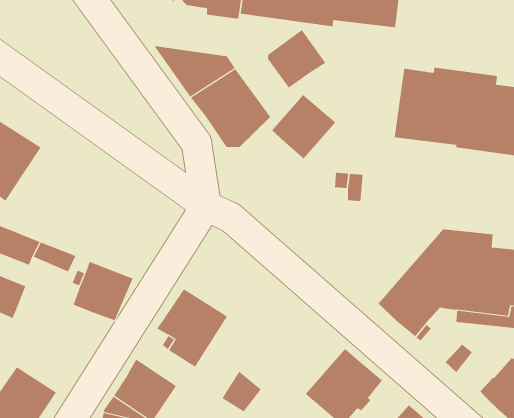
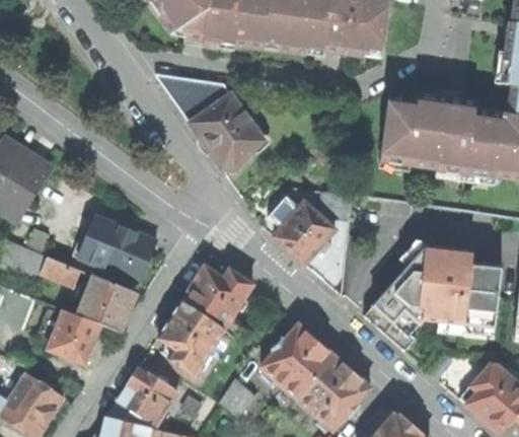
building: [268,29,326,89] -> none
building: [271,94,336,159] -> [274,203,335,264]
building: none -> [72,214,156,283]
building: none -> [182,267,252,327]
building: none -> [48,310,99,364]
building: none -> [260,325,333,399]

